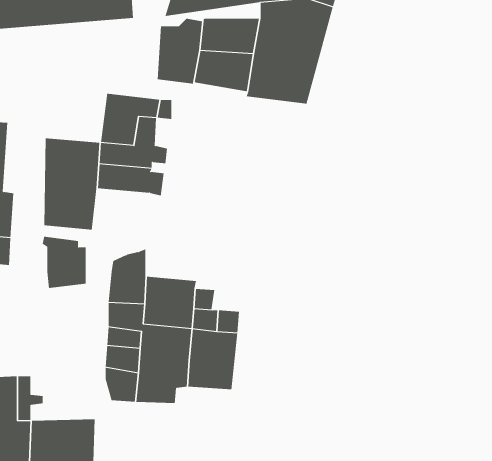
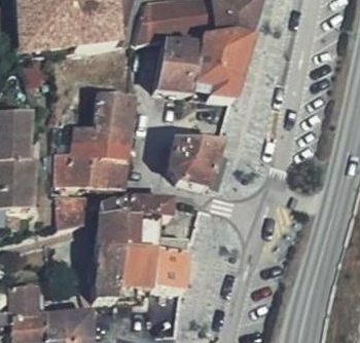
building: none -> [170,140,220,189]
building: none -> [88,158,127,190]
building: none -> [124,193,171,220]

